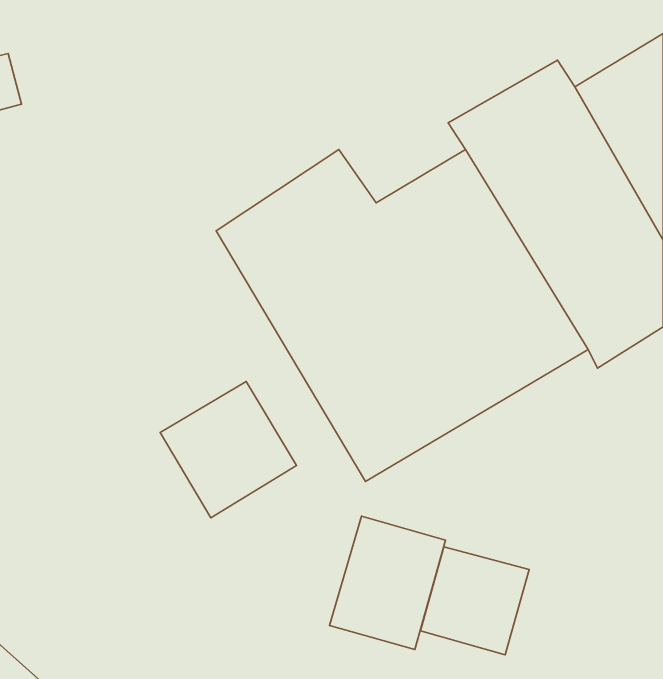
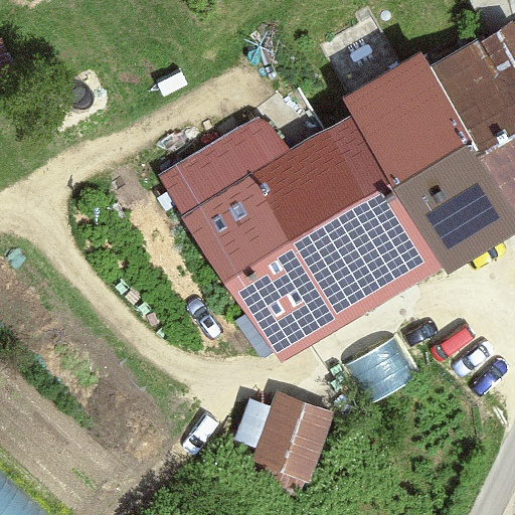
building: [160,381,297,518] -> none
building: [420,547,529,655] -> none

